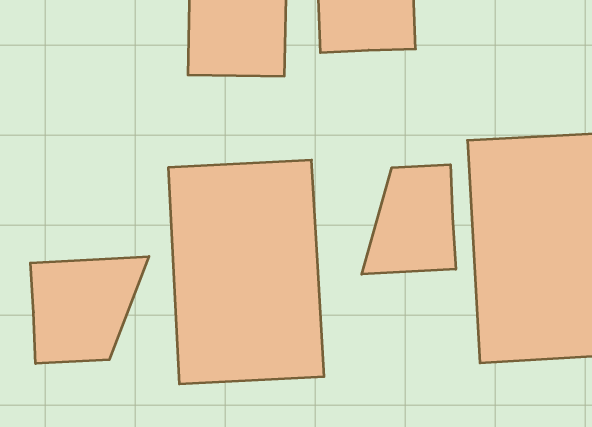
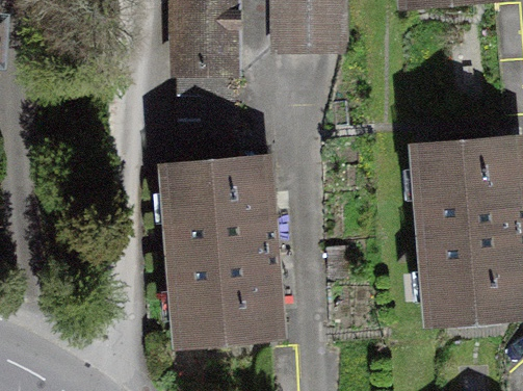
building: [362,165,456,274] -> none
building: [30,256,149,364] -> none

